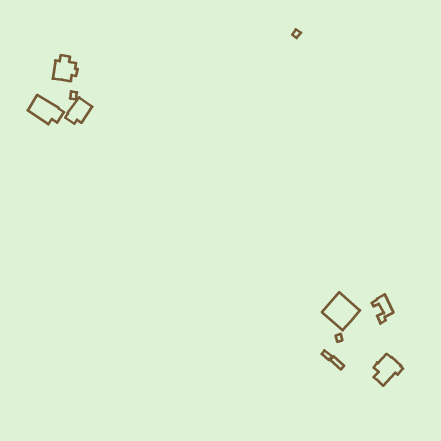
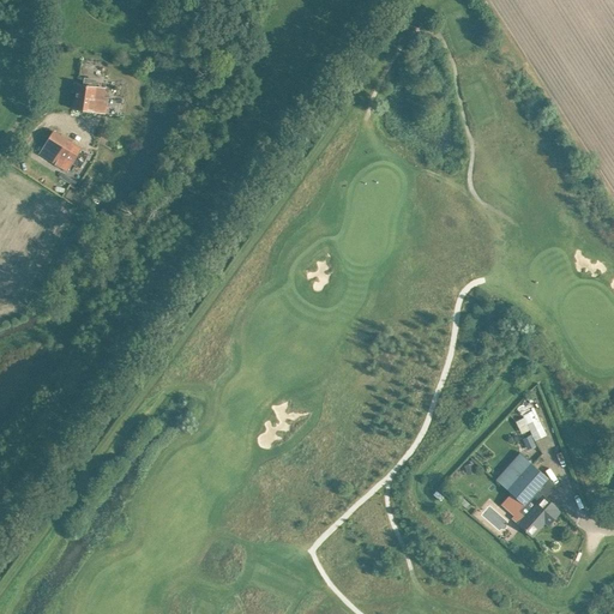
building: [65,97,92,124] -> none
building: [322,292,360,330] -> [496,452,549,505]

